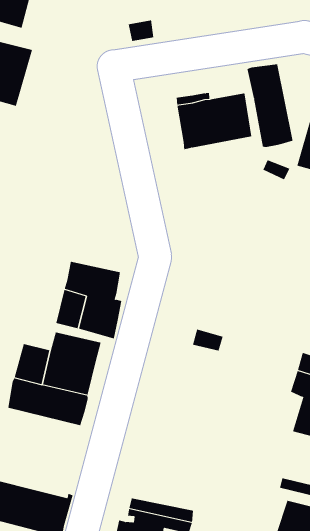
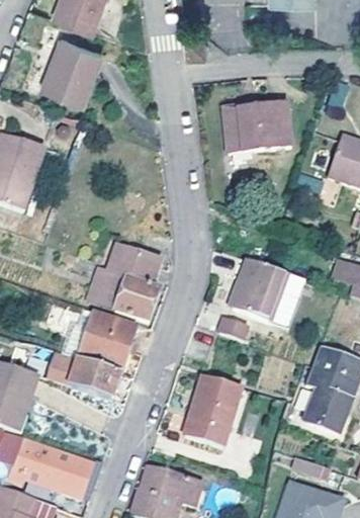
building: [247,63,293,148] -> none
building: none -> [233,256,288,320]
building: none -> [185,373,243,445]

